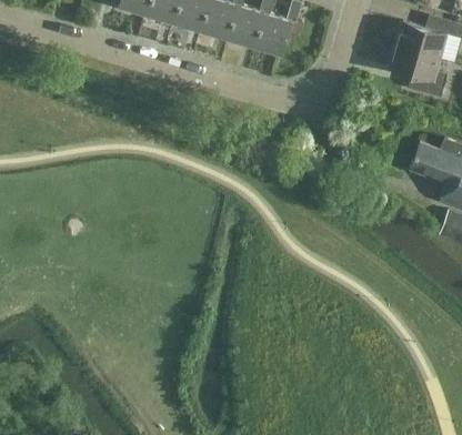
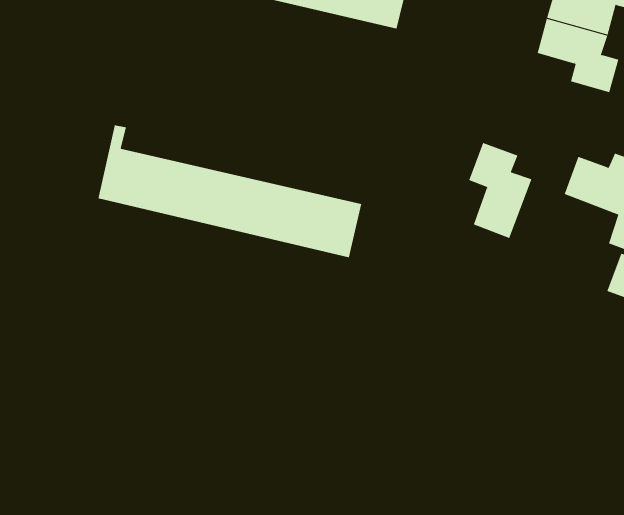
building: none -> [98,124,362,258]
building: none -> [468,142,532,239]

